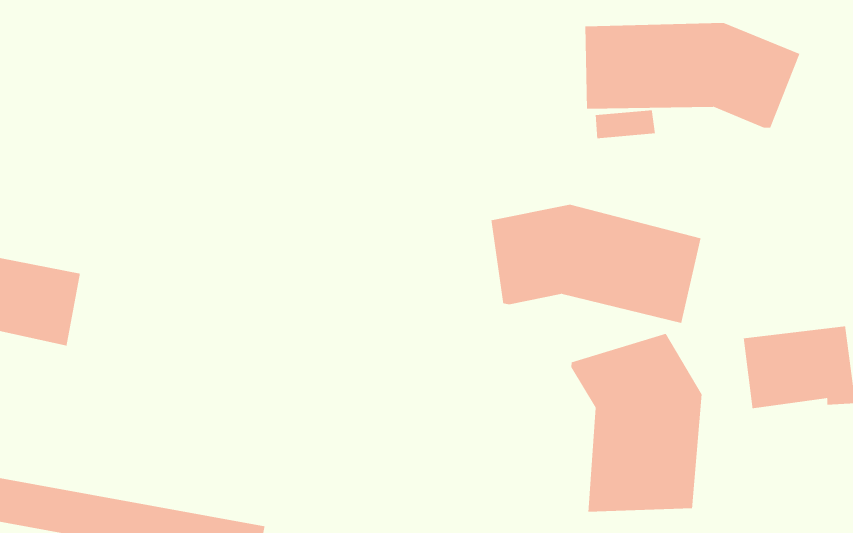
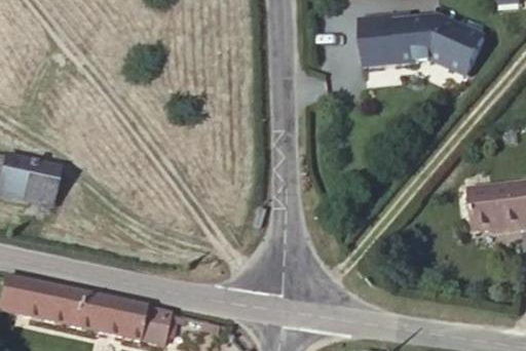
building: [491,204,701,324] -> none
building: [570,333,703,513] -> none

